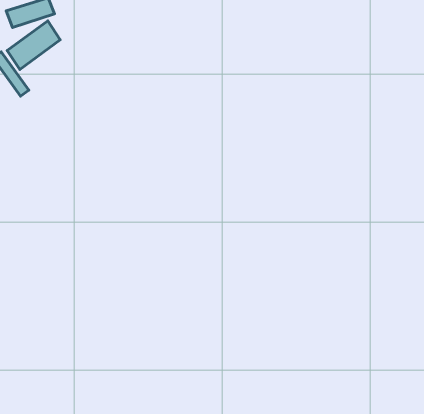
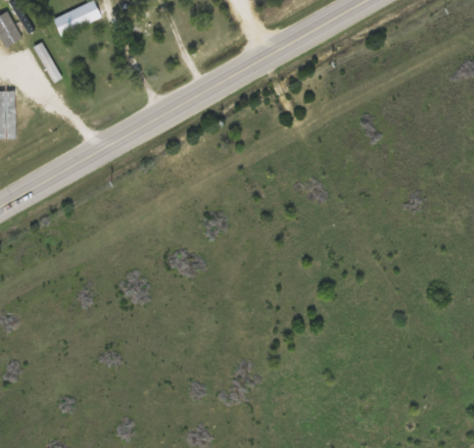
building: [7,21,60,69] -> none

